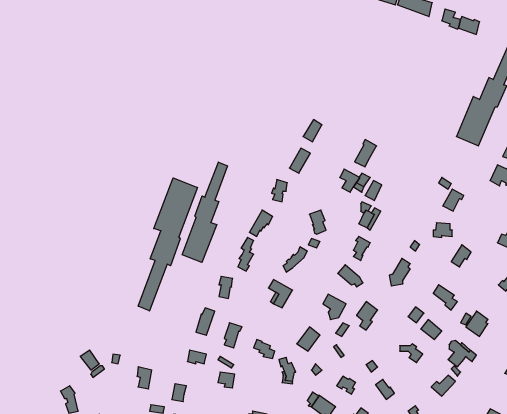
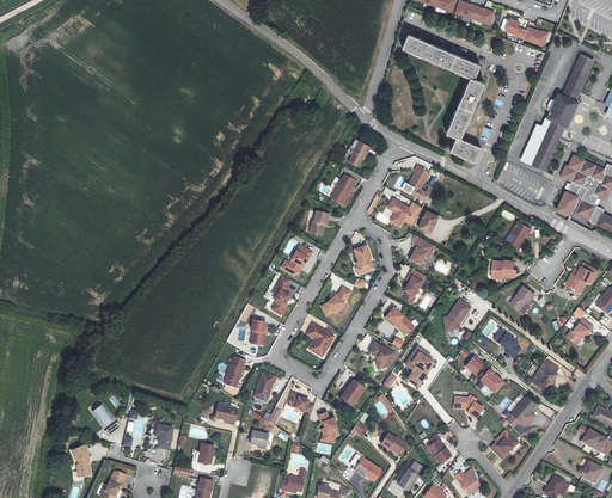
building: none -> [396,33,478,159]
building: [182,162,228,262] -> none
building: [138,178,197,311] -> none

